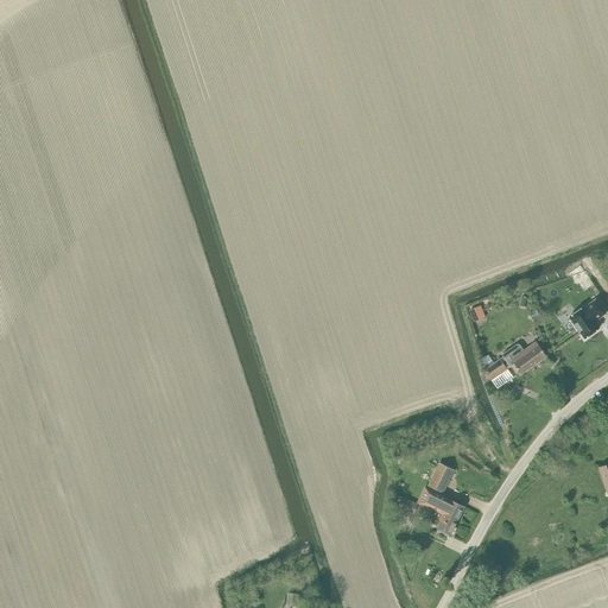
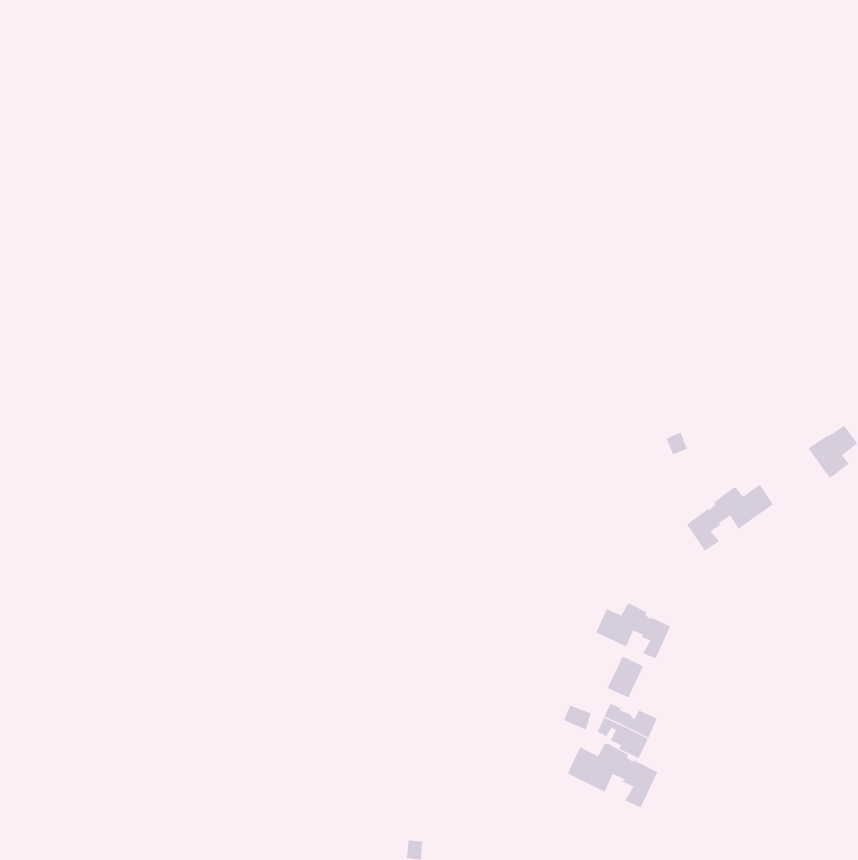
building: none -> [596,603,671,659]
building: none -> [567,743,658,808]

